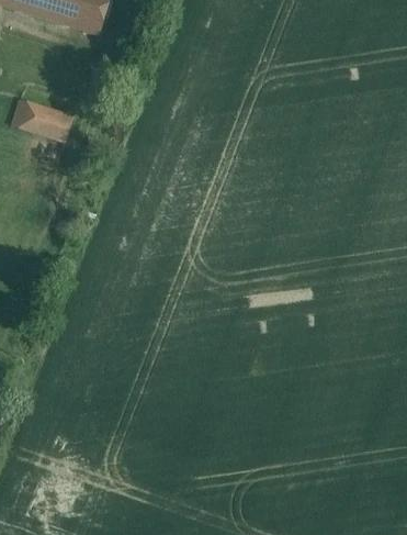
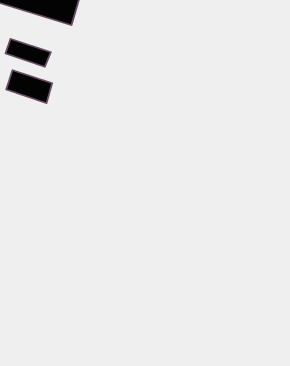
building: none -> [5,39,51,67]

